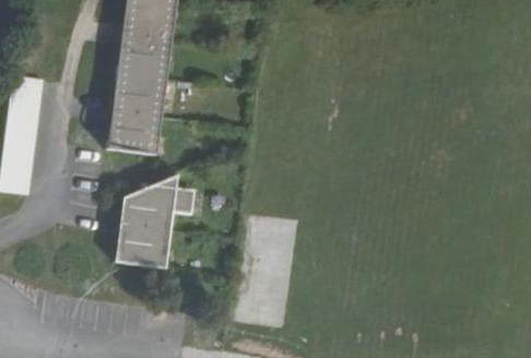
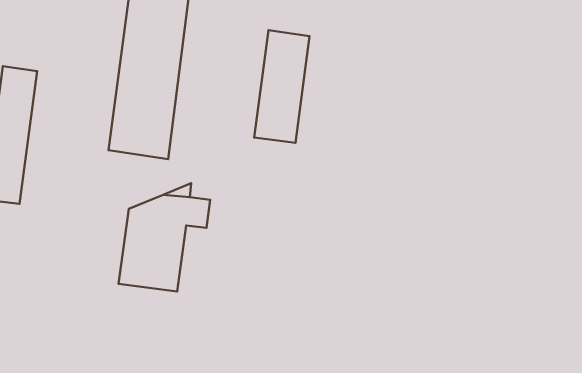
building: none -> [254,30,309,143]

